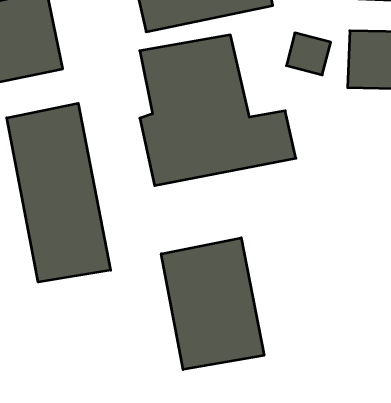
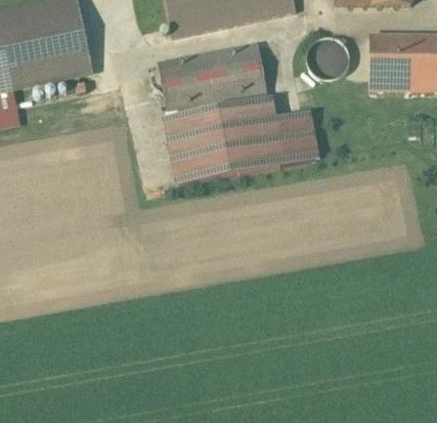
building: [7,103,111,282] -> none
building: [161,238,264,370] -> none

